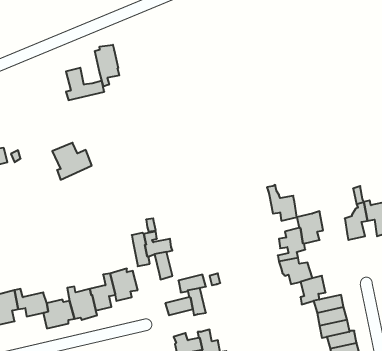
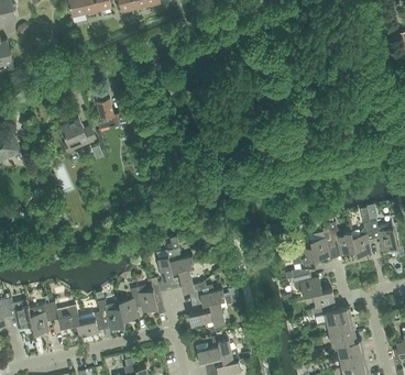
building: [95,45,119,87] -> none
building: [52,143,92,180] -> [59,119,96,153]
building: [267,185,297,221] -> [327,222,354,255]

